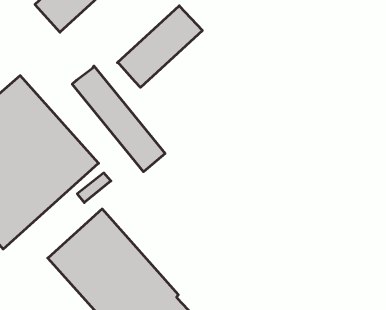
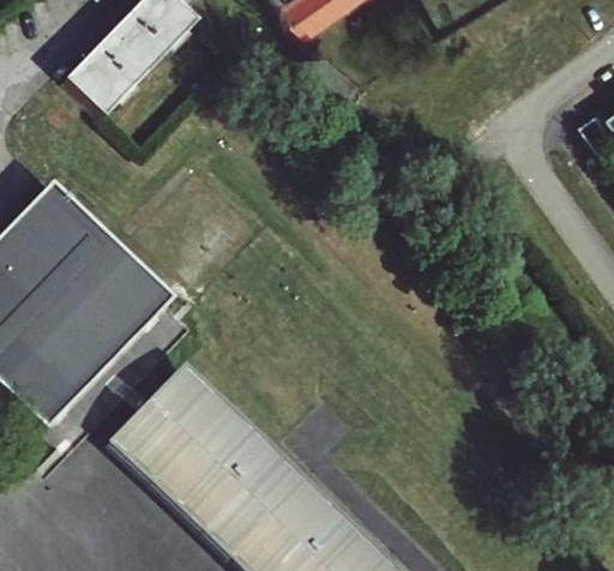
building: [117,6,202,87] -> none
building: [72,66,165,172] -> none

